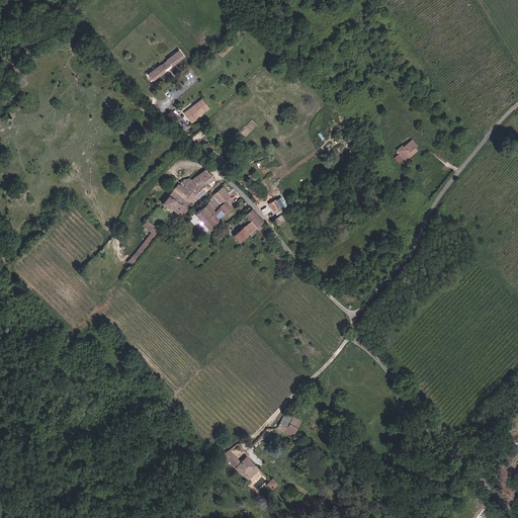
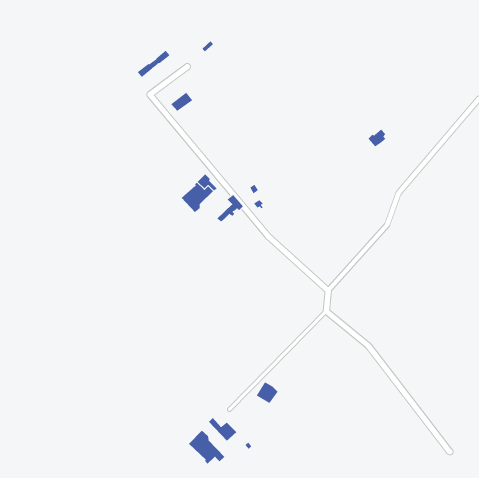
building: [164,169,213,213] -> none
building: none -> [188,430,225,464]

